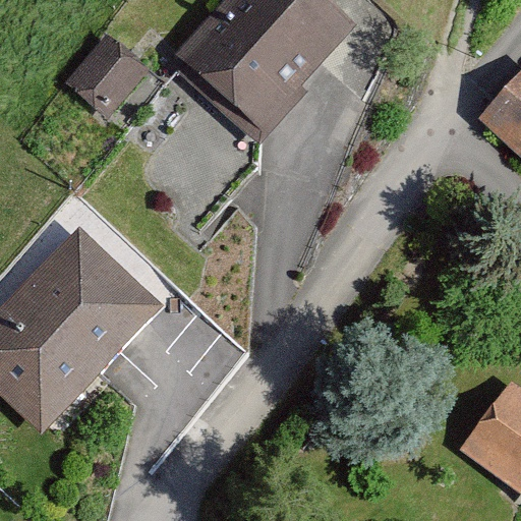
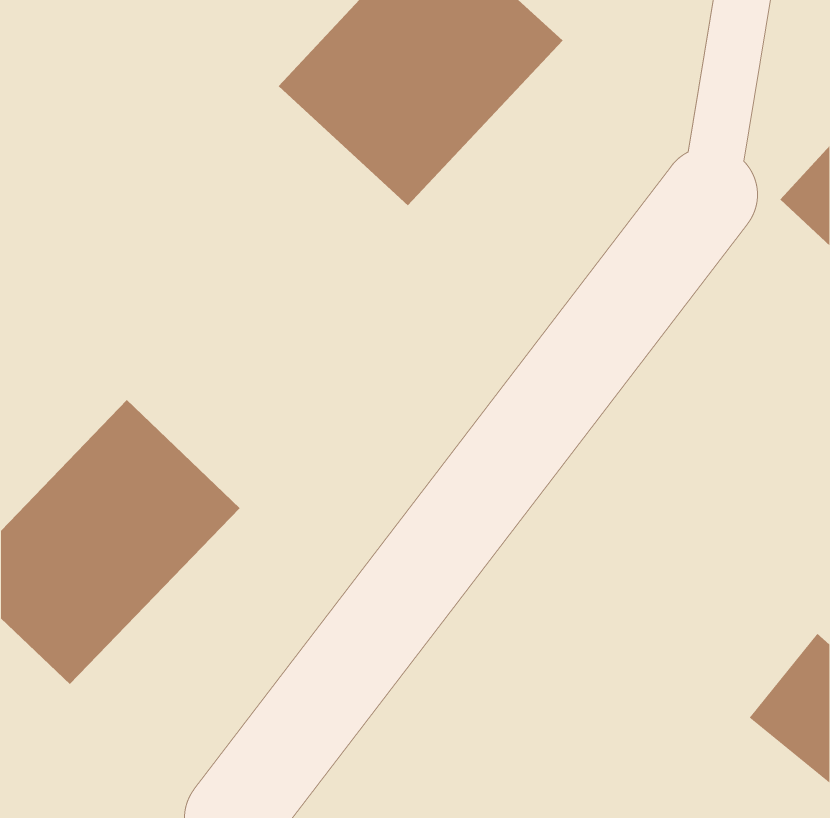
building: [71,21,151,103] -> none

